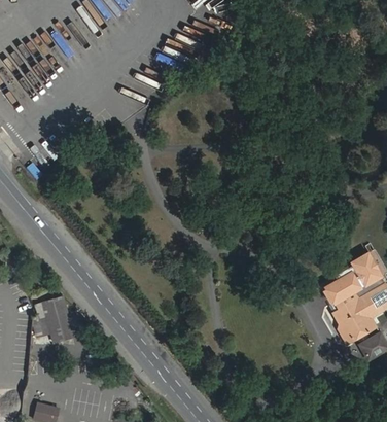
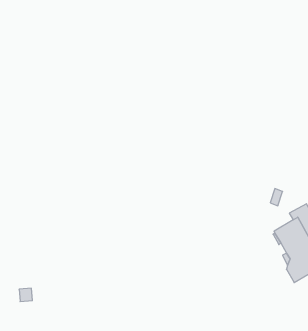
building: [42,298,71,339] -> none

